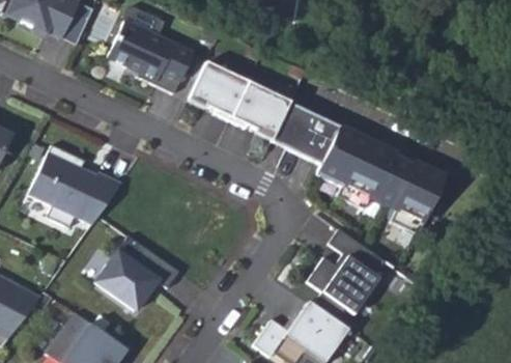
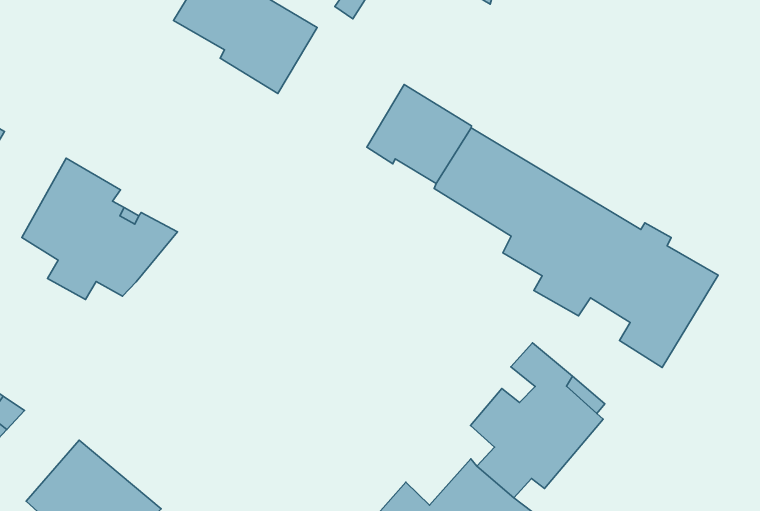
building: [190,61,249,120] -> none
building: [97,234,181,310] -> none

